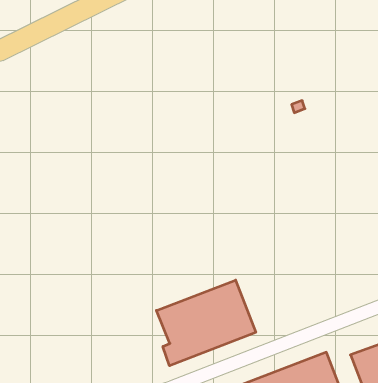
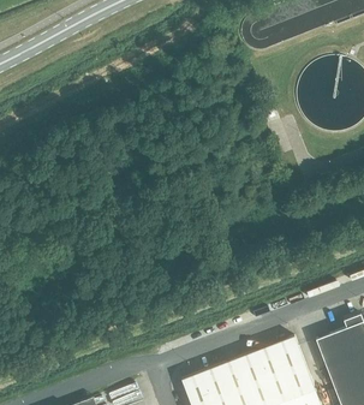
building: [156,280,256,366] -> none

